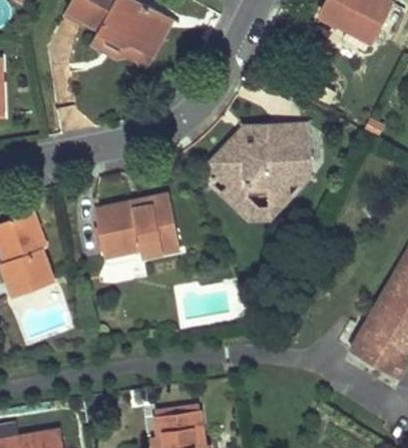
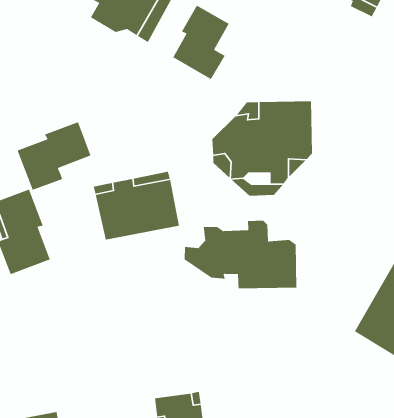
building: none -> [172,4,230,80]
building: none -> [17,121,92,191]
building: none -> [184,220,297,289]

